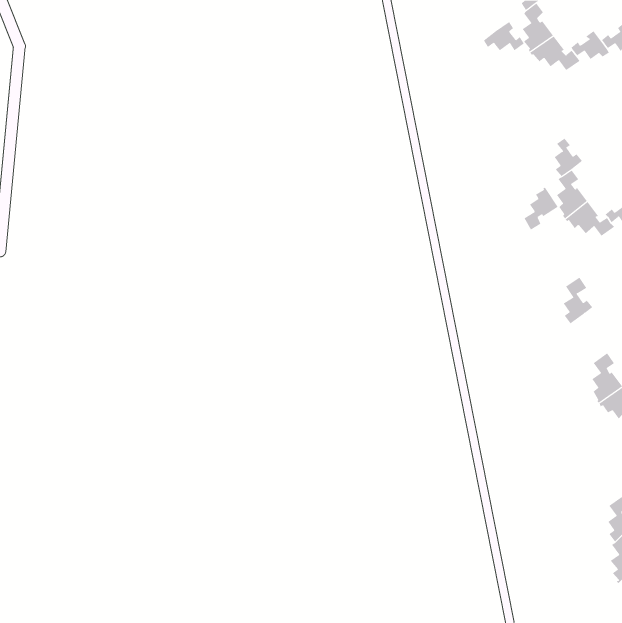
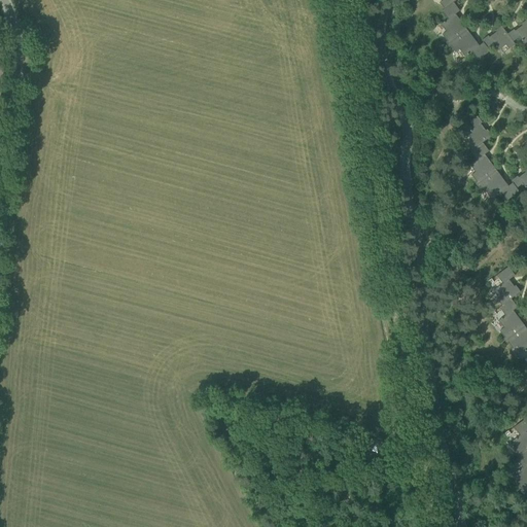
building: [483,21,525,51] -> none
building: [524,186,559,231] -> none
building: [563,277,593,324] -> [495,267,521,307]

